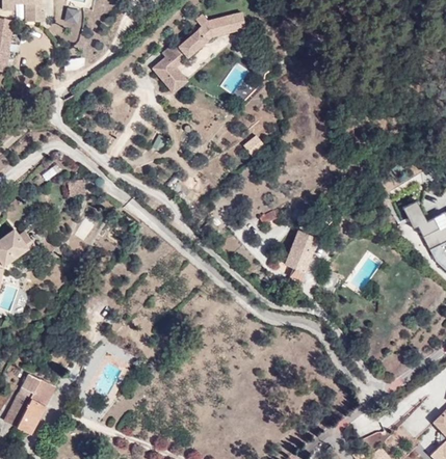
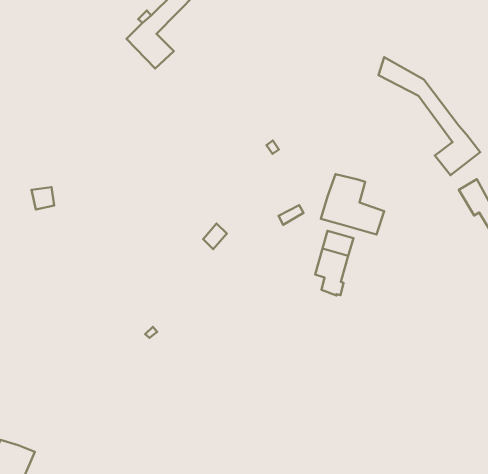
building: none -> [379,57,480,175]
building: none -> [321,174,384,234]

